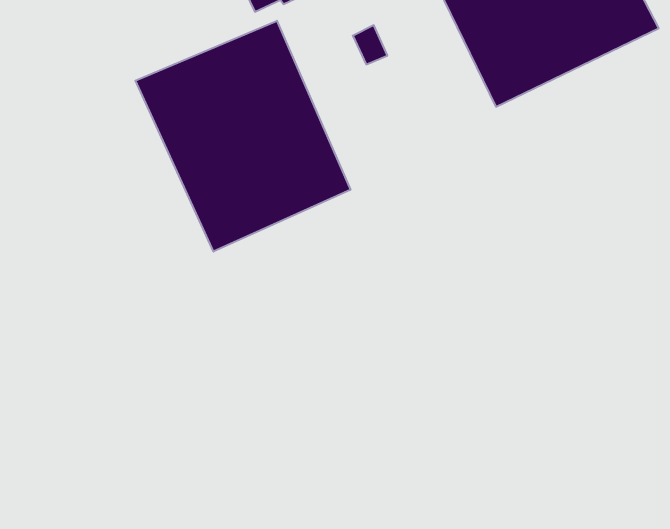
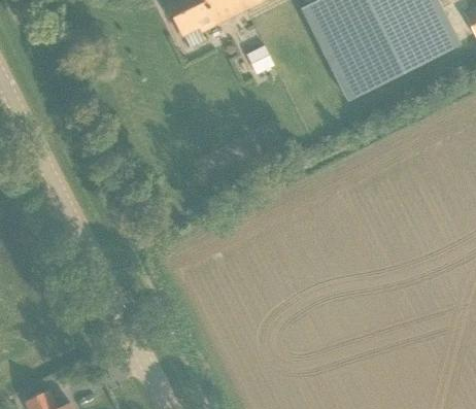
building: [135,21,350,252] -> none

